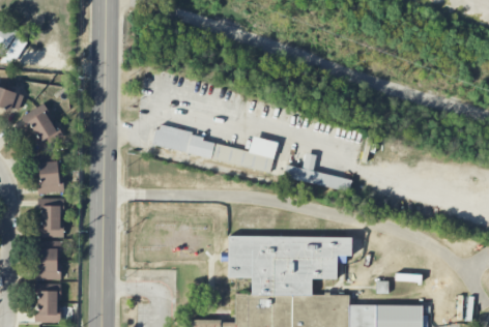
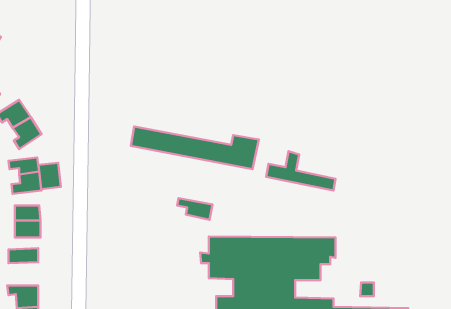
building: none -> [39,163,61,189]
building: none -> [177,198,212,220]
building: [33,261,62,277] -> none

